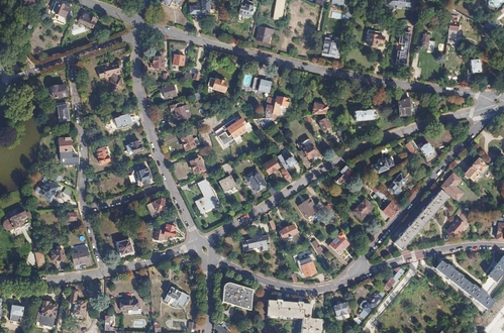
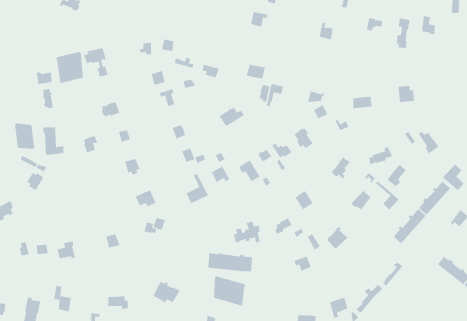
building: none -> [56,51,84,84]
building: none -> [14,123,35,149]
building: [267,300,310,318] -> [208,253,253,272]

